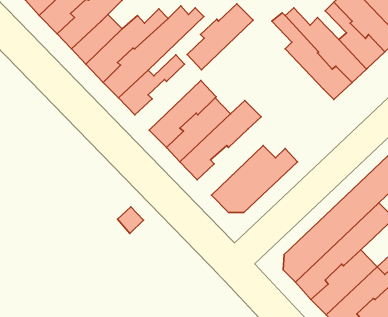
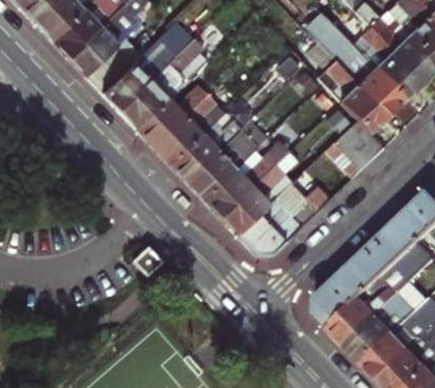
building: [187,4,253,70] -> [154,92,225,164]
building: none -> [328,119,385,175]
building: none -> [221,163,293,234]

